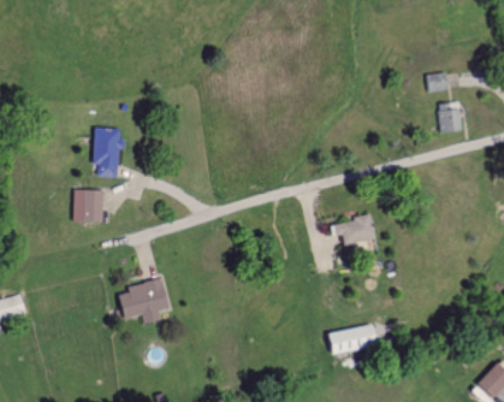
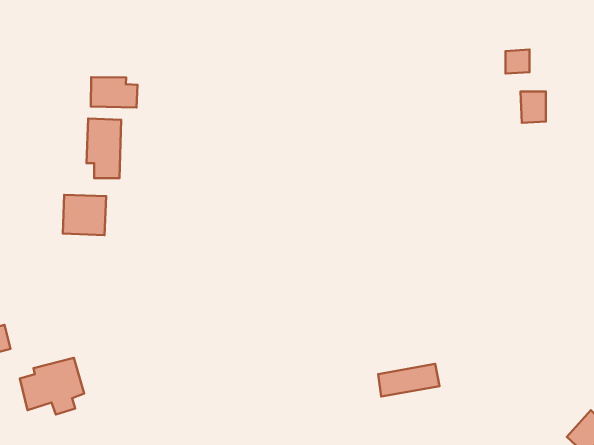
building: none -> [91,77,138,108]
building: [330,217,375,244] -> none
building: [115,278,167,324] -> [20,358,84,415]

